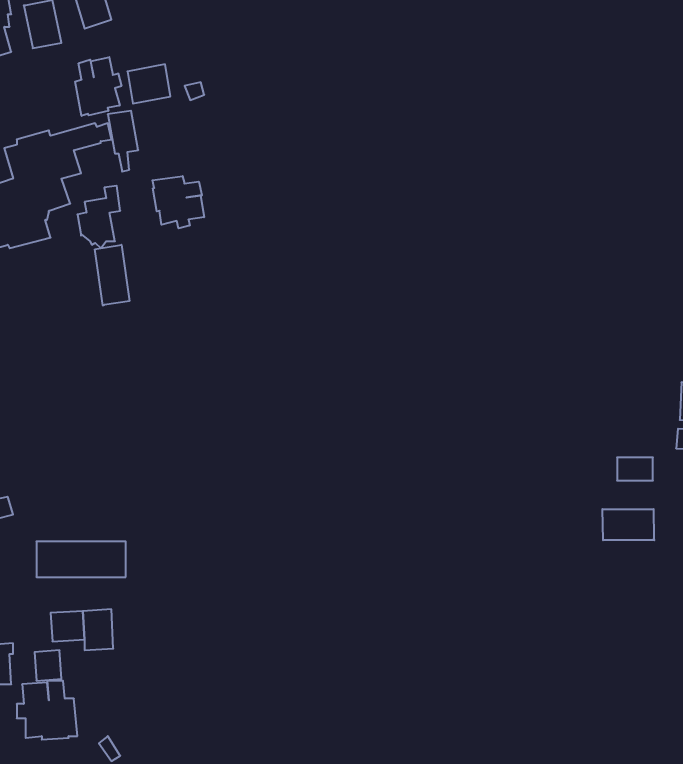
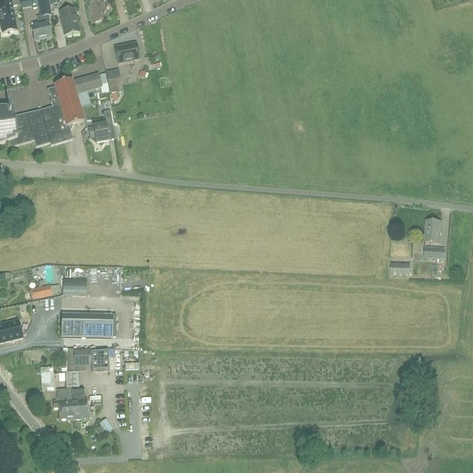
building: [75,57,121,116] -> none
building: [152,176,204,228] -> none
building: [95,245,129,306] -> none
building: [602,509,654,540] -> none

